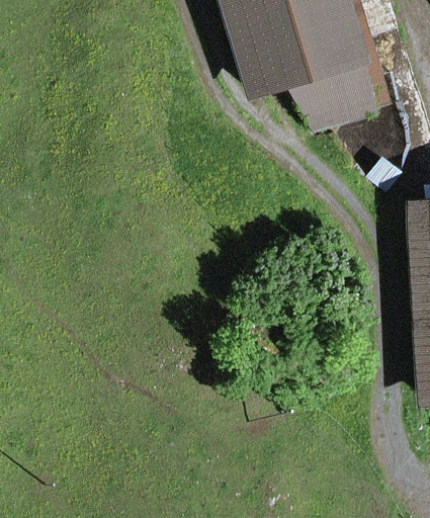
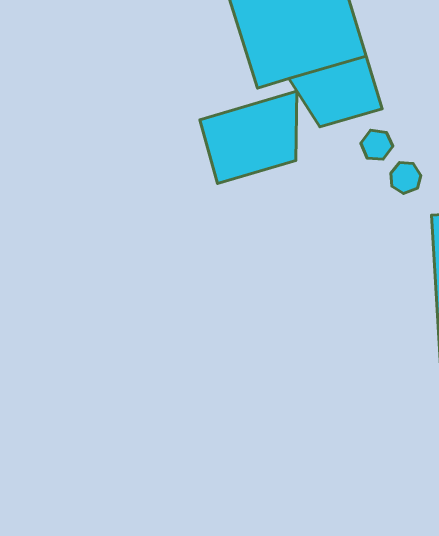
building: none -> [200,91,297,183]

